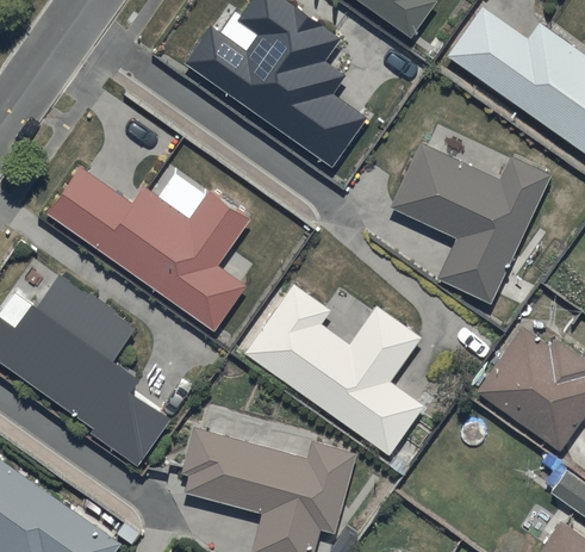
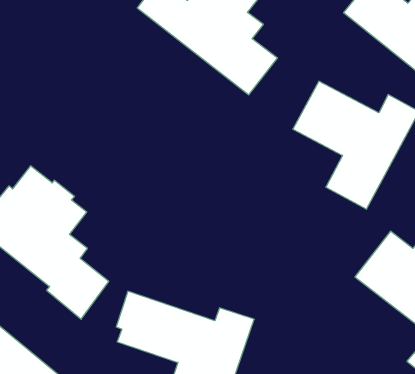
building: [46,166,250,329] -> none
building: [244,285,423,455] -> none

